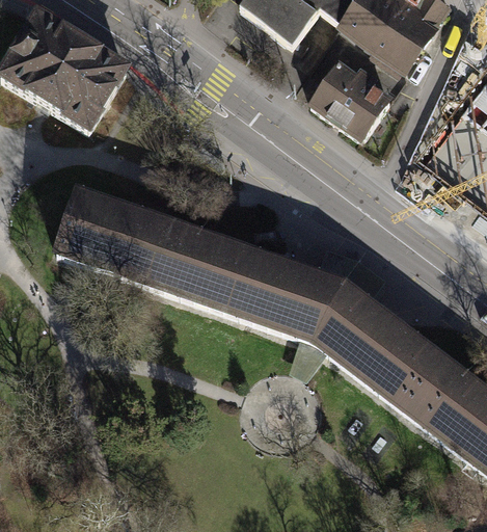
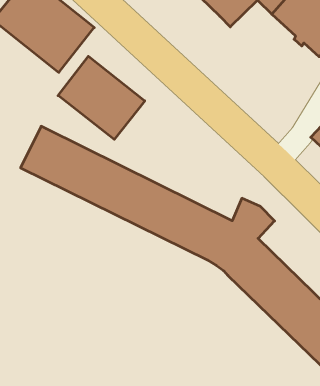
building: [312,63,390,139] -> none
building: none -> [58,56,145,139]

